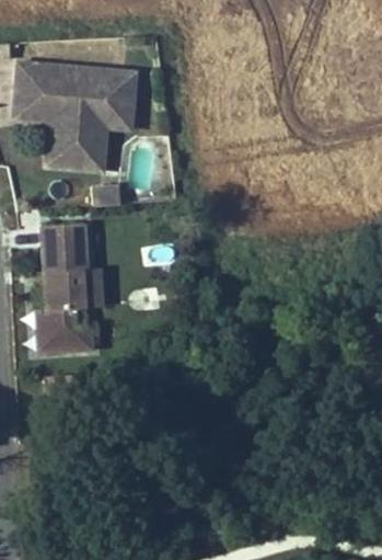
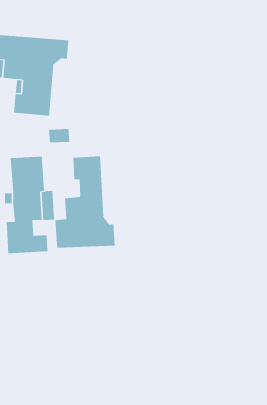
building: [96,71,138,170] -> none
building: none -> [55,155,115,248]

